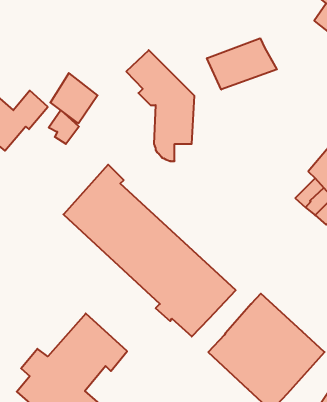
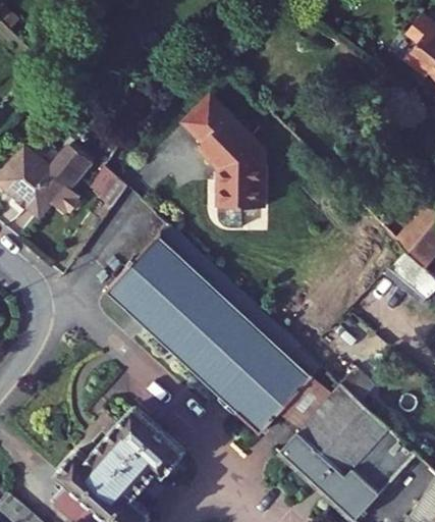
building: [207,38,277,90] -> none
building: [50,73,98,123] -> none
building: none -> [281,380,331,431]

